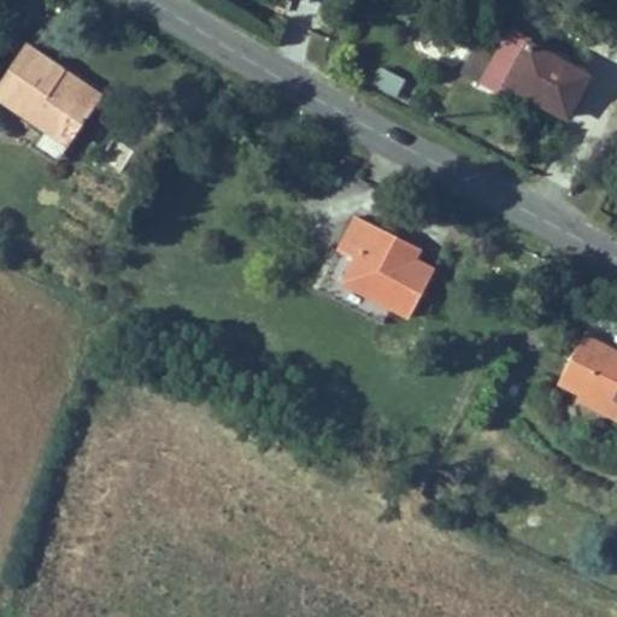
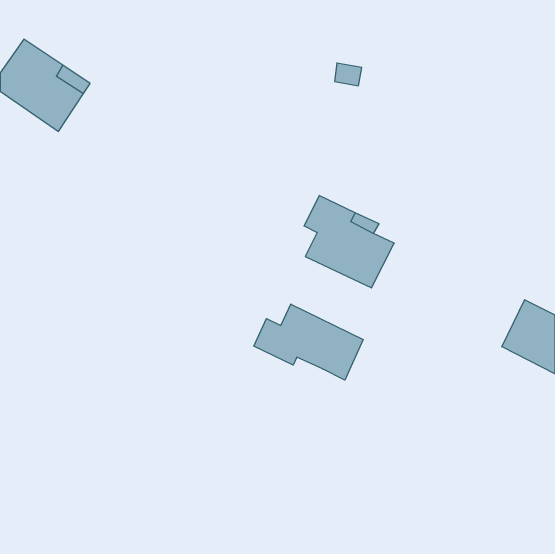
building: [477,25,592,121] -> none
building: none -> [254,304,363,380]

